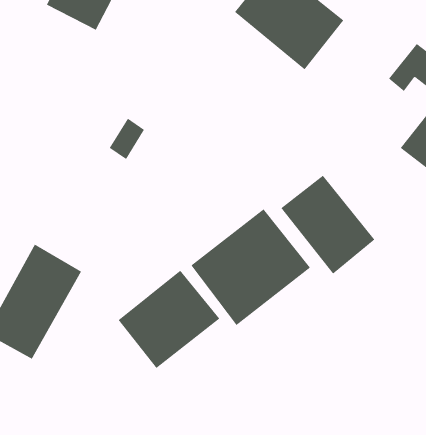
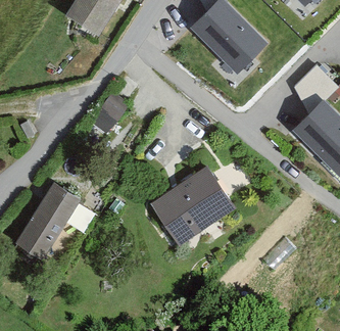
building: [281,175,375,274] -> none
building: [118,270,220,369] -> none

